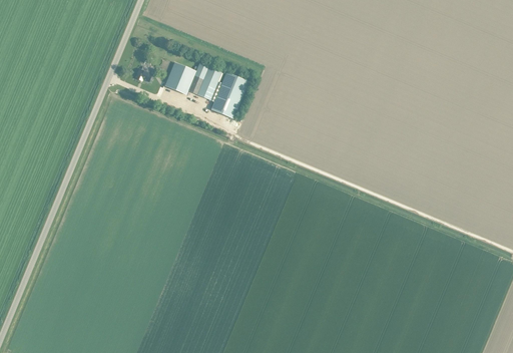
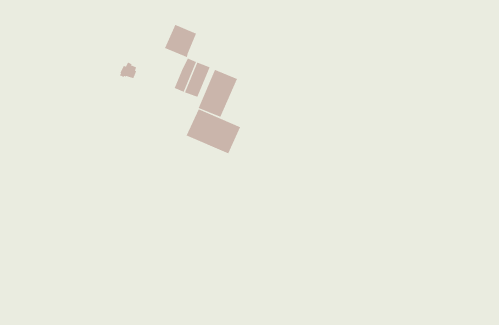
building: [163,62,194,94] -> [164,24,197,58]
building: none -> [186,108,241,154]

